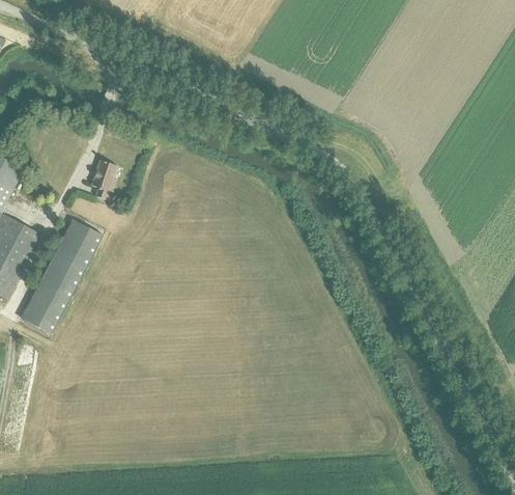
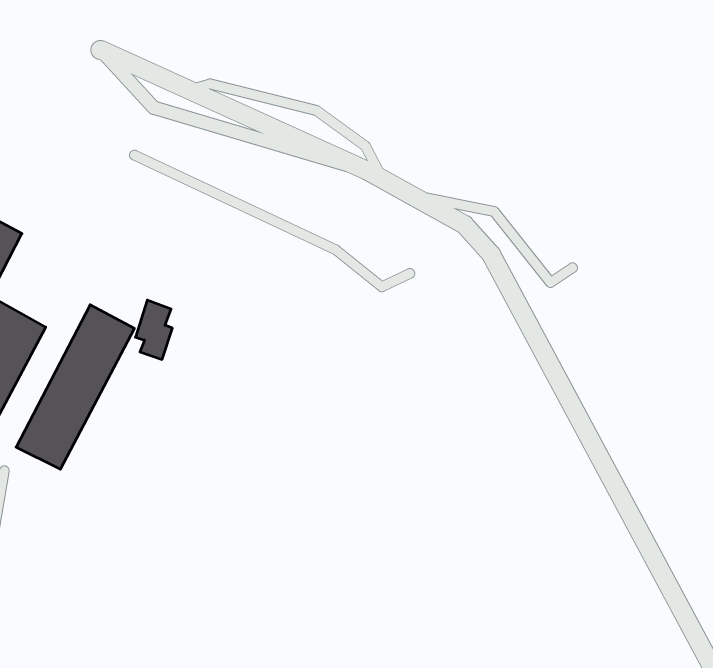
building: [90,159,116,200] -> [135,300,172,359]

